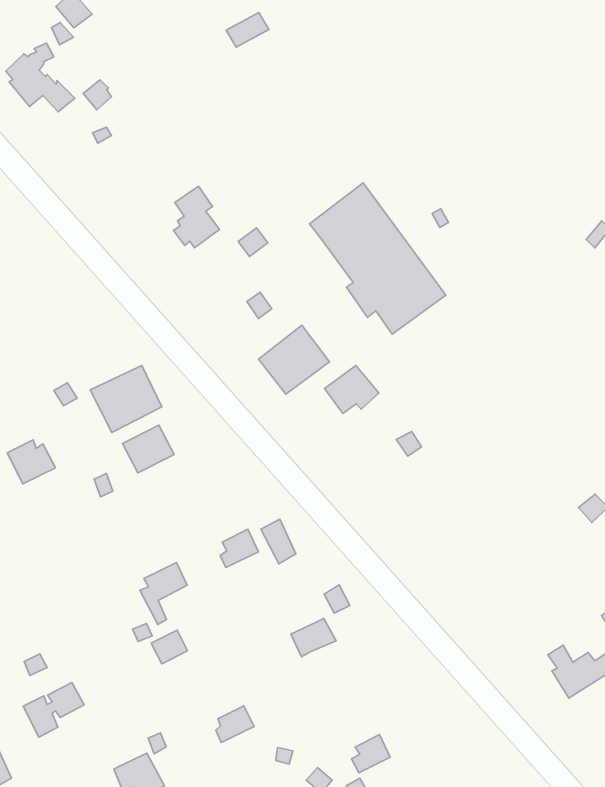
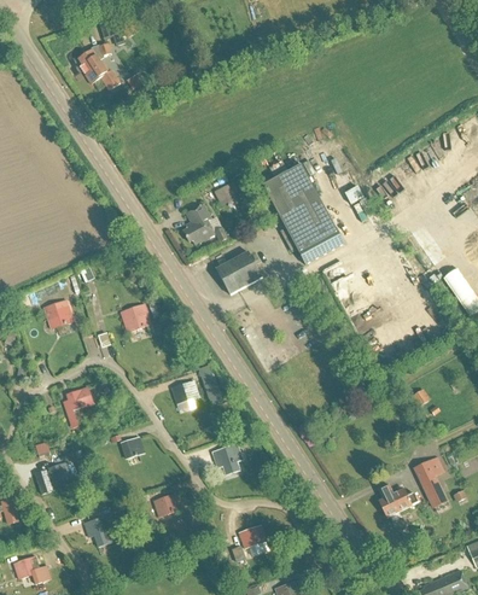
building: [173,186,220,248] -> [183,205,214,245]
building: [325,365,379,413] -> none
building: [90,365,162,432] -> none
building: [140,563,187,625] -> [63,386,94,425]

